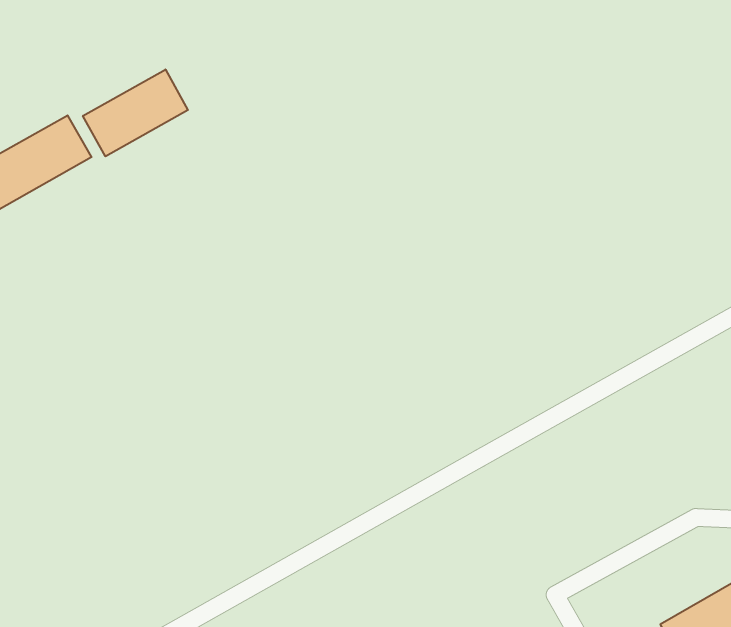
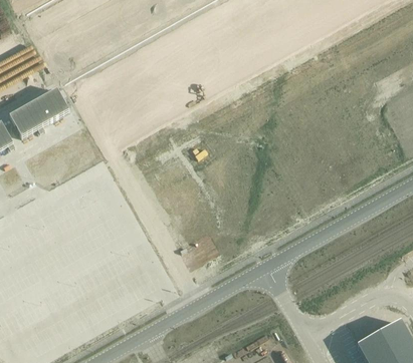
building: [83,69,188,156] -> none

